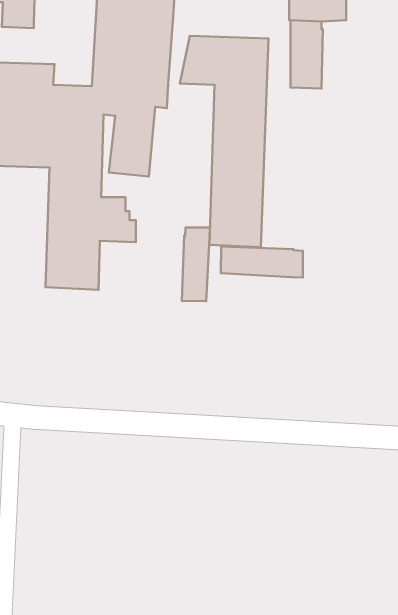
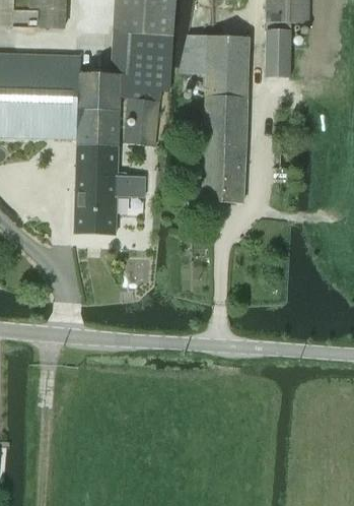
building: [182,227,210,301] -> none
building: [221,247,303,278] -> none

